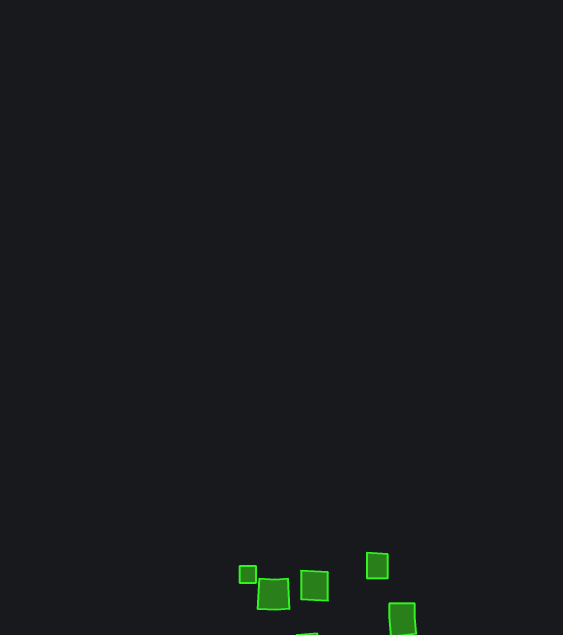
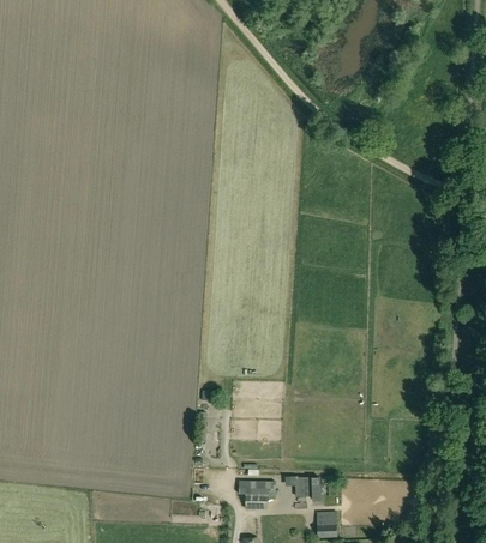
building: [258,579,289,610] -> none

